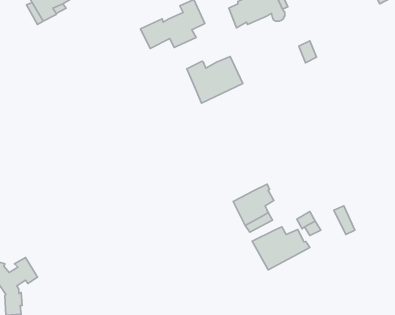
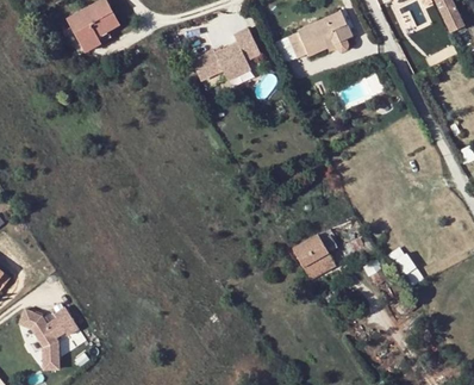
building: [187,56,243,103] -> none
building: [252,227,310,270] -> none

